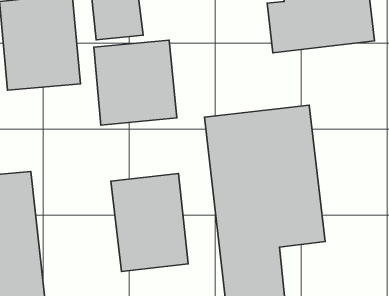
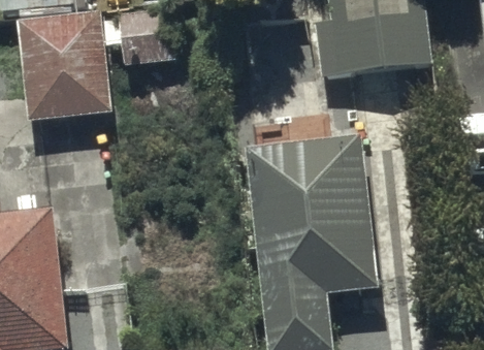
building: [94,40,177,125] -> none
building: [111,173,188,271] -> none

